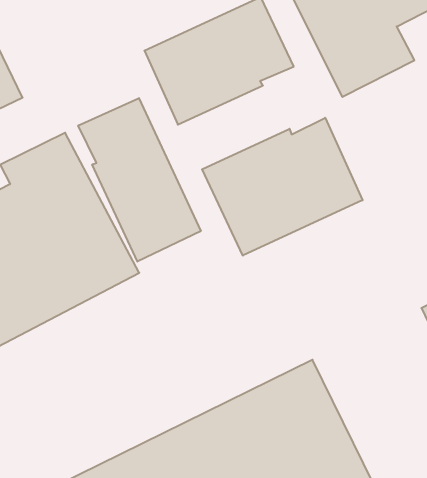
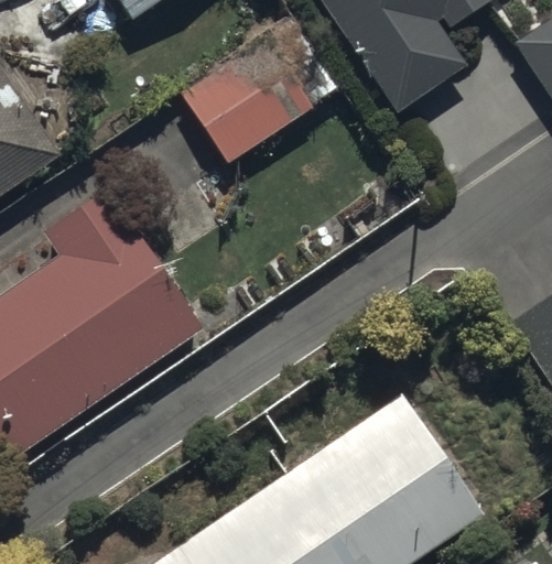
building: [78,98,201,262] -> none
building: [202,118,363,256] -> none

